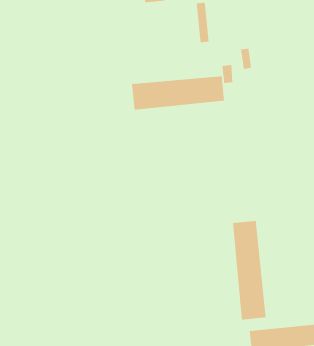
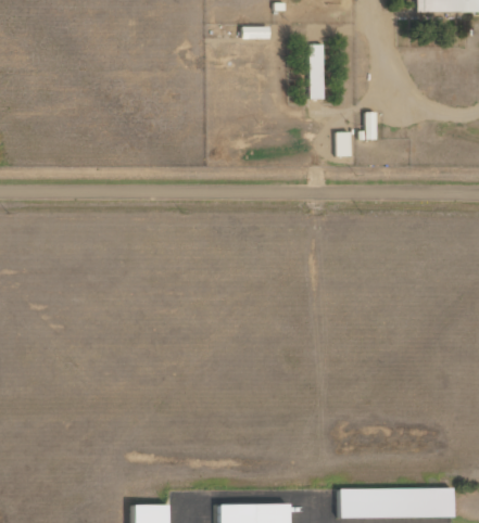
building: [131,75,225,110] -> none
building: [232,220,266,320] -> none

